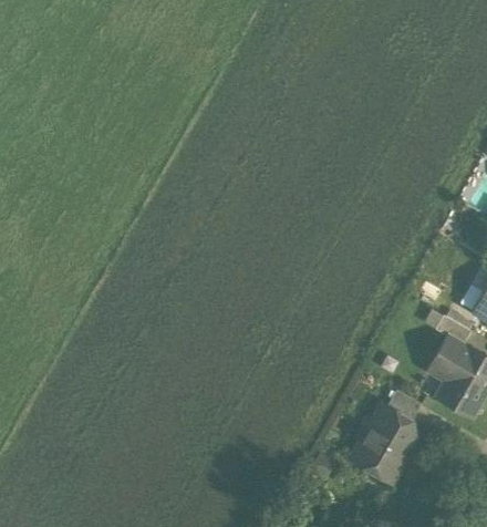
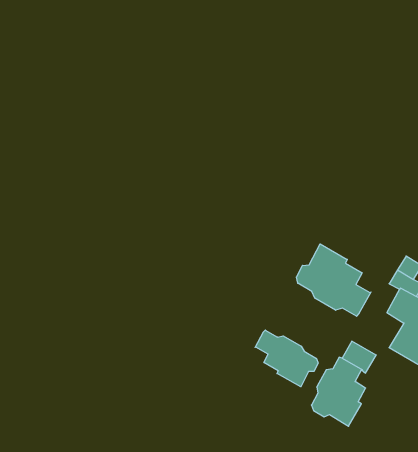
building: none -> [296,244,371,316]
building: none -> [255,330,318,387]

